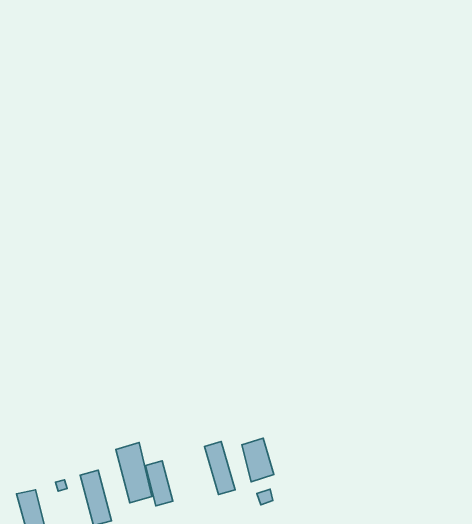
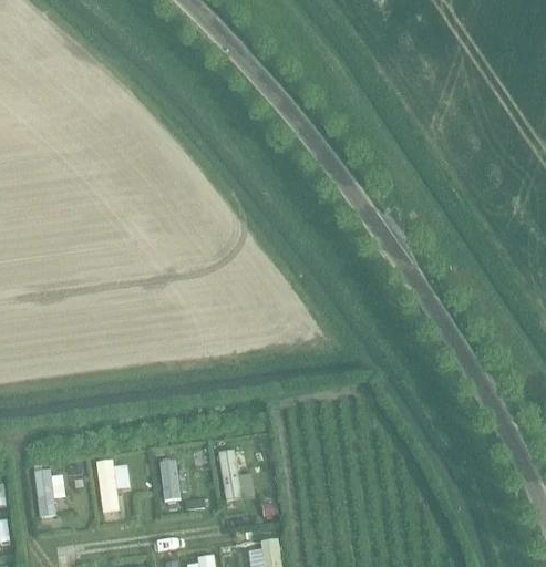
building: [242,438,274,482] -> none
building: [116,442,152,503] -> none

